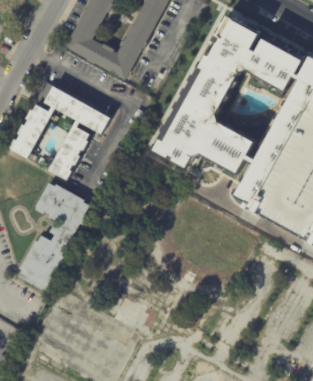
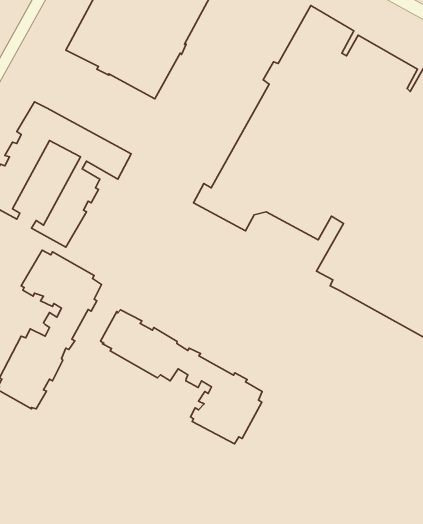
building: none -> [101,310,262,444]

